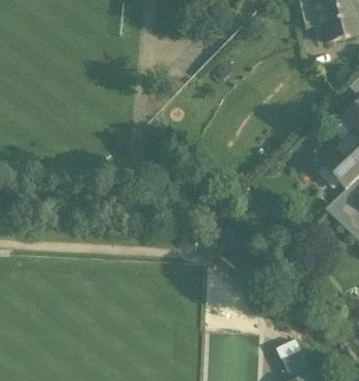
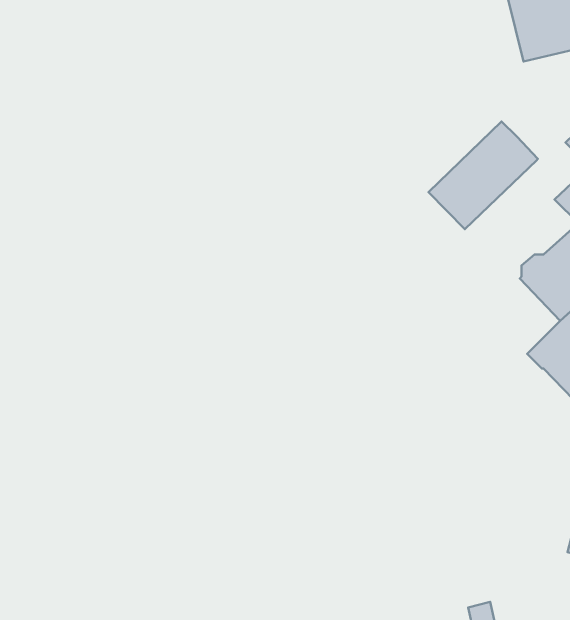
building: none -> [429,122,538,229]

